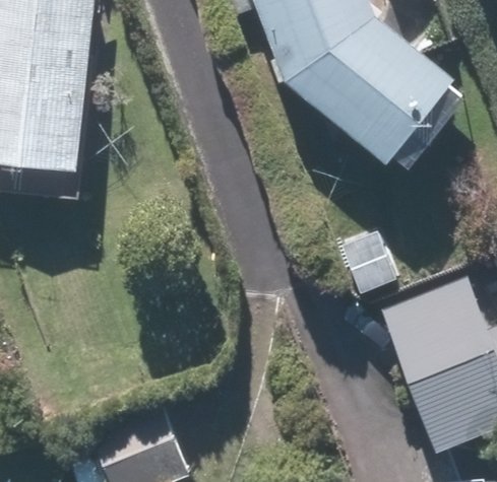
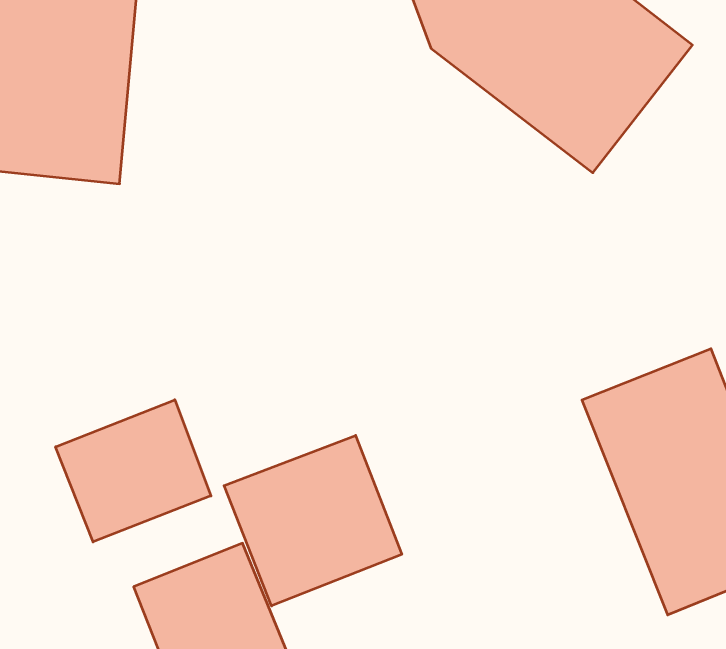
building: none -> [56,400,211,542]
building: none -> [224,435,402,606]

